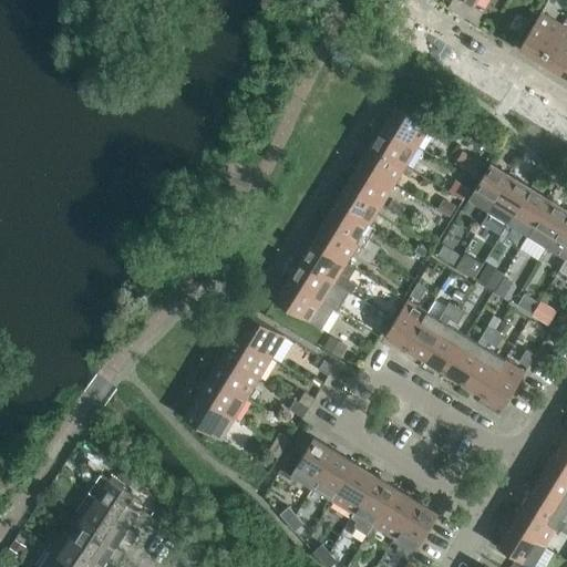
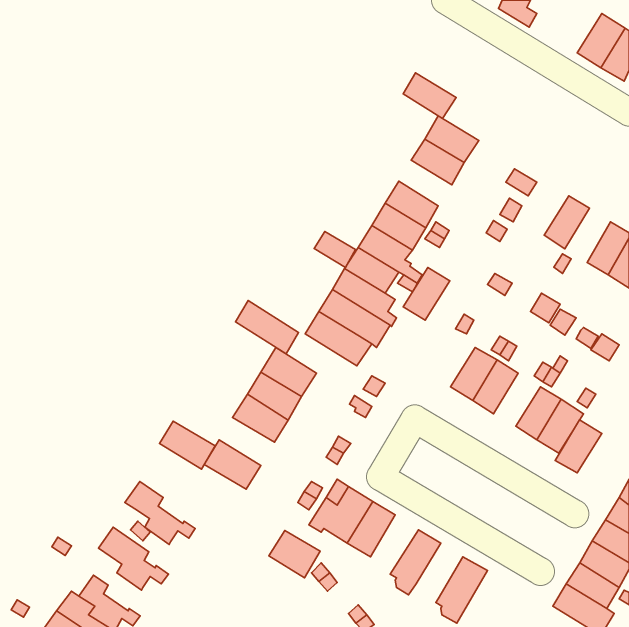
building: [359,146,406,187] -> [403,73,456,118]
building: [468,165,512,214] -> none
building: [508,189,549,238] -> none
building: none -> [314,231,356,267]
building: none -> [236,300,299,354]
building: [385,302,427,350] -> [403,267,450,320]
building: [444,338,486,385] -> [555,420,602,473]
building: [197,378,247,421] -> [160,421,215,469]
building: [333,465,377,515] -> none
building: none -> [269,530,320,578]
building: [374,491,416,540] -> none
building: [75,495,138,551] -> [125,482,195,544]

